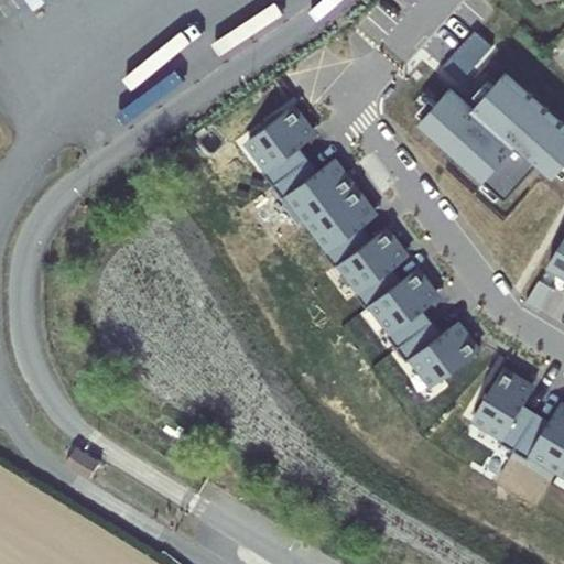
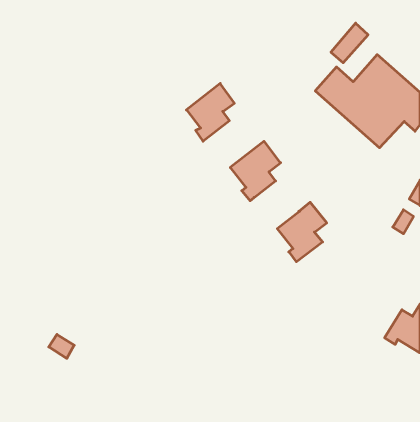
building: [271,161,352,224] -> none
building: [339,229,405,310] -> none
building: [395,323,478,386] -> none
building: [474,370,536,451] -> none

